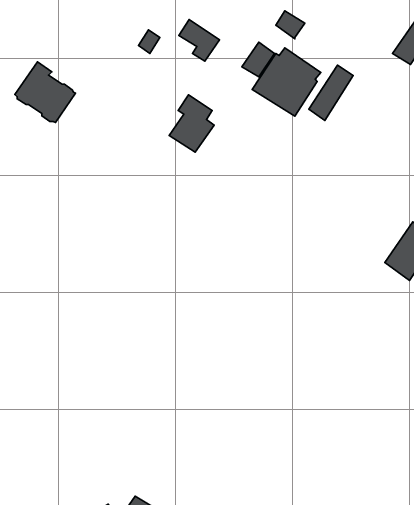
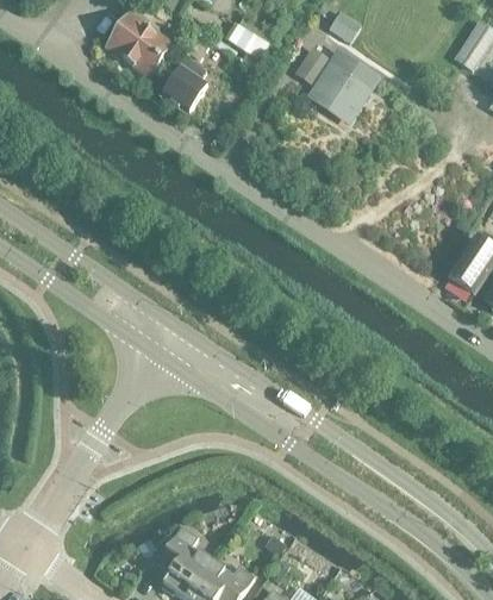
building: [15,62,76,123] -> [108,10,173,74]
building: [309,65,353,121] -> none
building: [169,95,214,152] -> [162,54,210,114]

